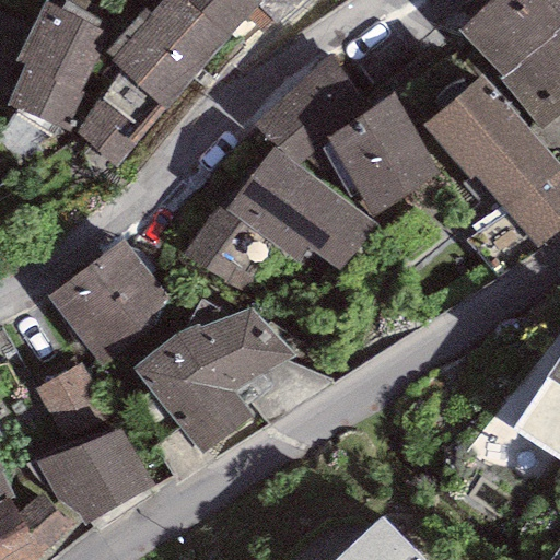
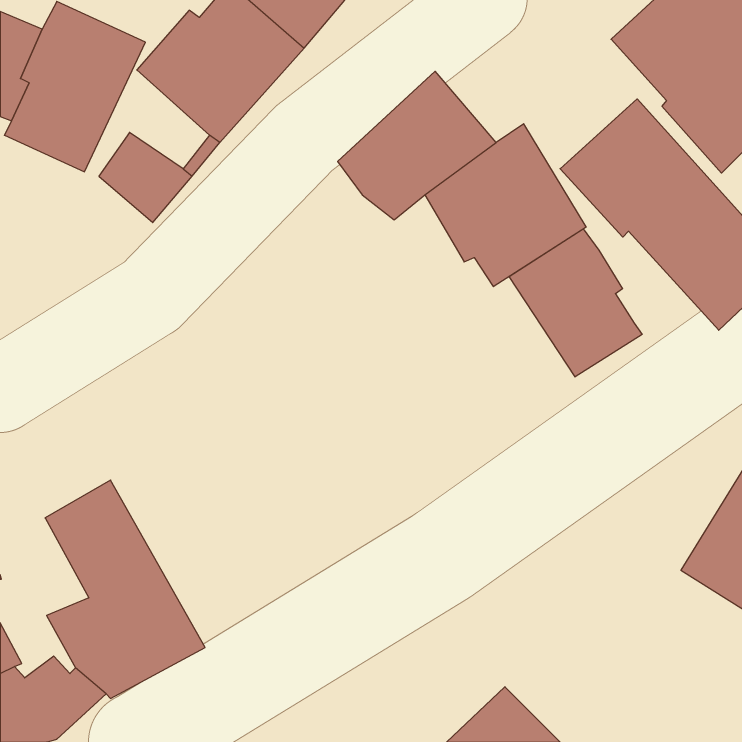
building: [180,147,381,292] -> none
building: none -> [509,229,642,377]
building: [46,241,176,368] -> none
building: [133,300,298,453] -> none

